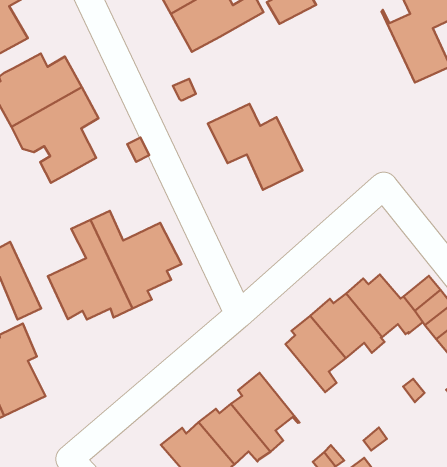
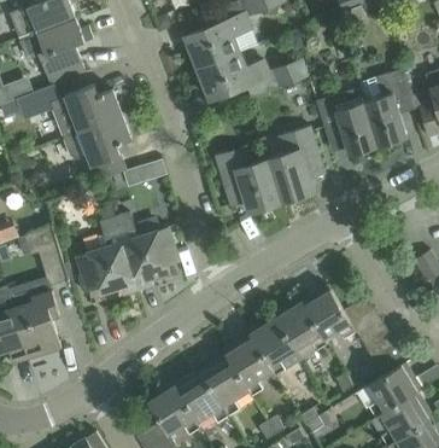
building: none -> [316,88,377,155]
building: none -> [268,127,320,202]
building: none -> [228,333,276,395]

